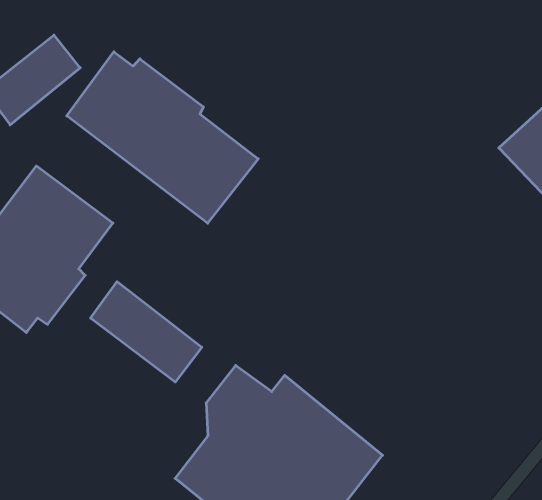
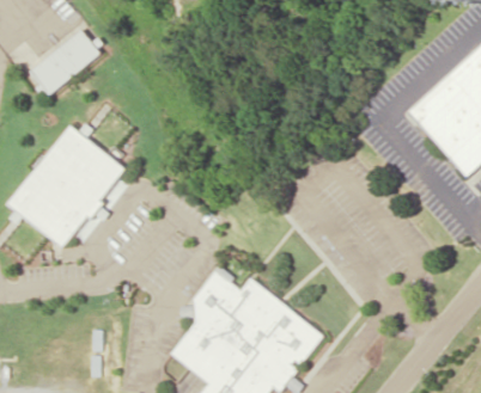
building: [67,52,258,223] -> none
building: [91,282,202,382] -> none

